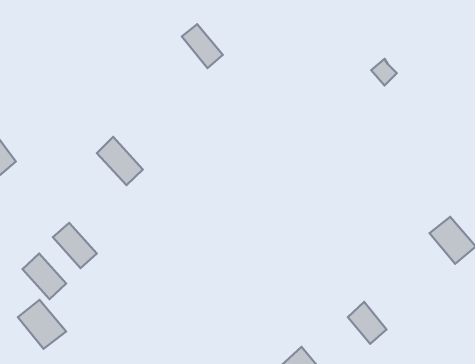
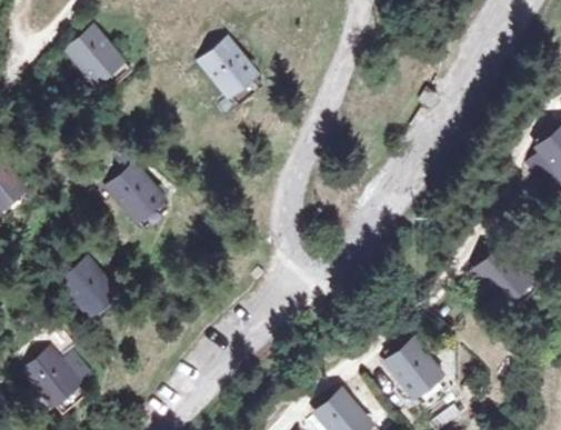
building: none -> [67,26,116,78]
building: [22,254,66,299] -> none

